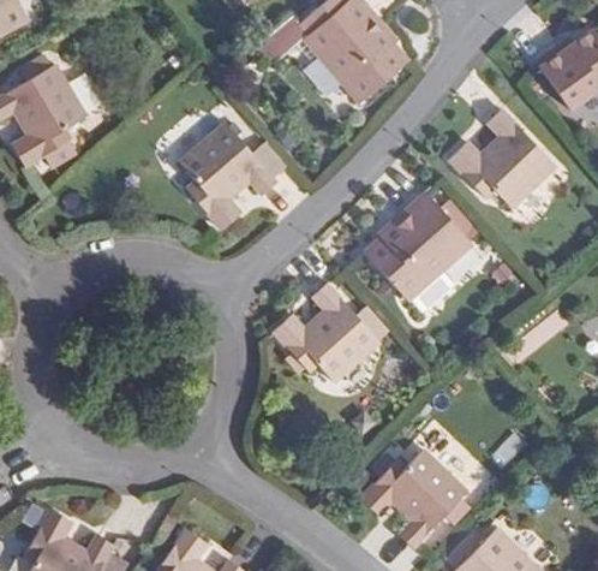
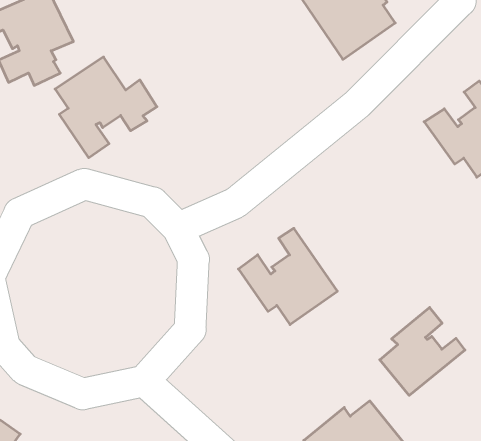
building: [180,120,286,225] -> [55,57,157,158]
building: [366,192,474,302] -> none
building: none -> [380,307,465,395]

